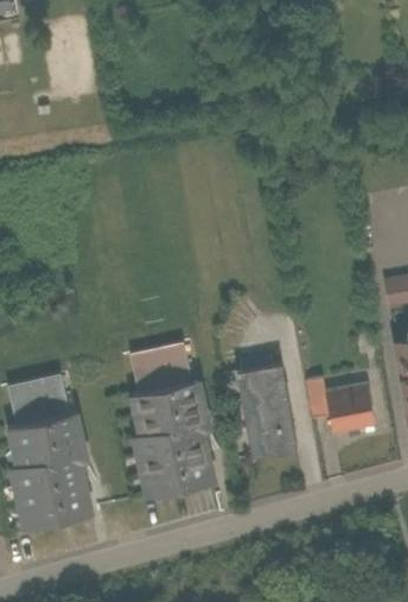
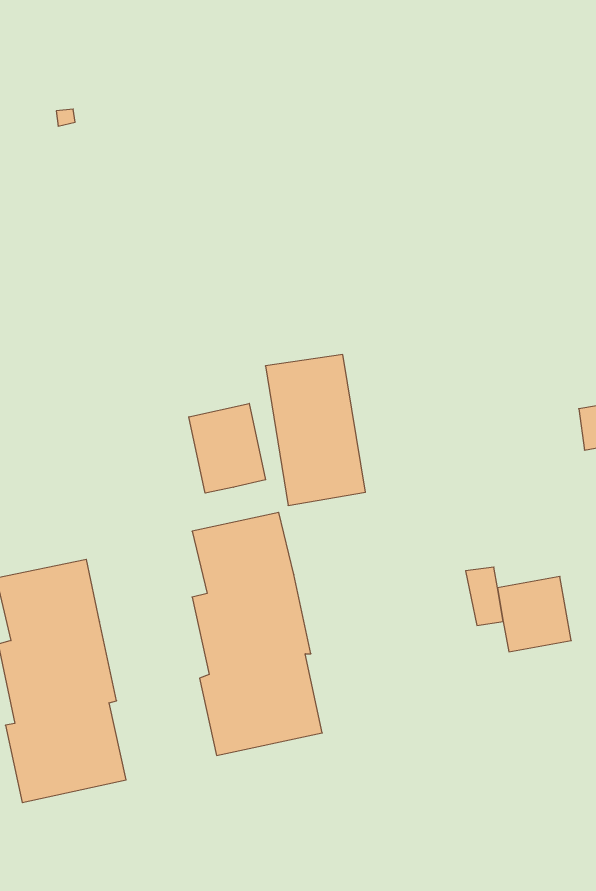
building: none -> [189,403,266,493]
building: [231,362,294,457] -> [265,355,365,505]

